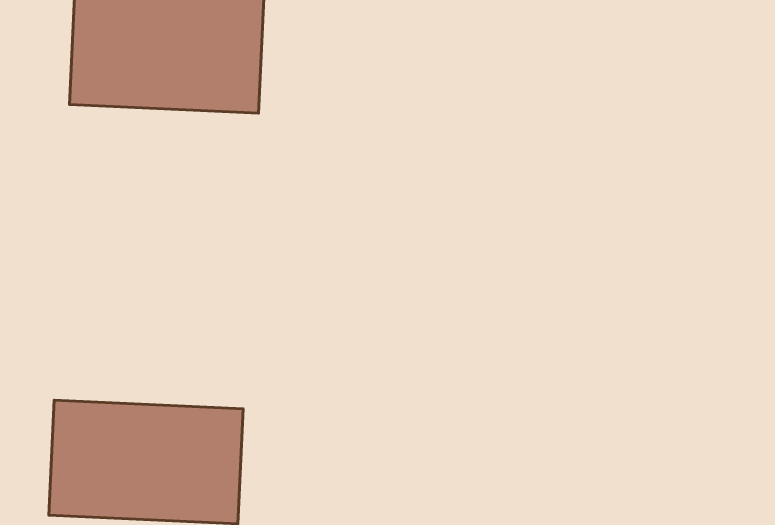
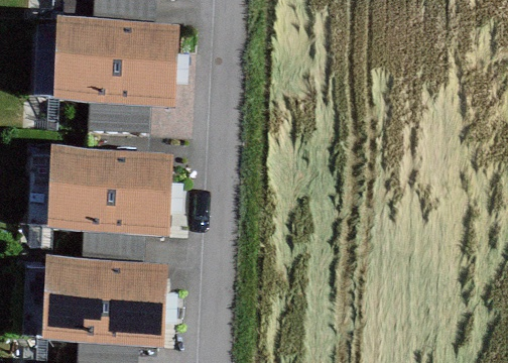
building: none -> [51,160,165,232]

